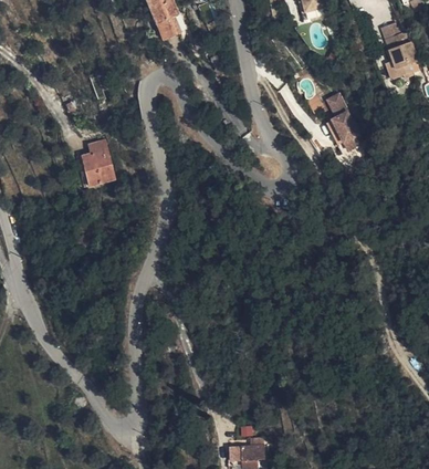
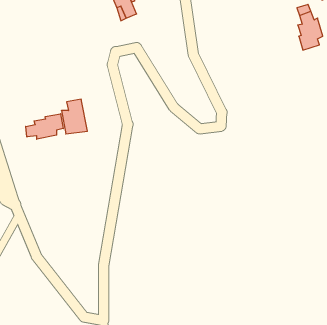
building: [323,94,357,150] -> none
building: none -> [26,114,63,139]

